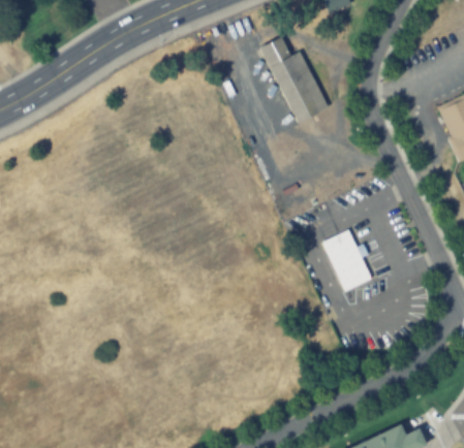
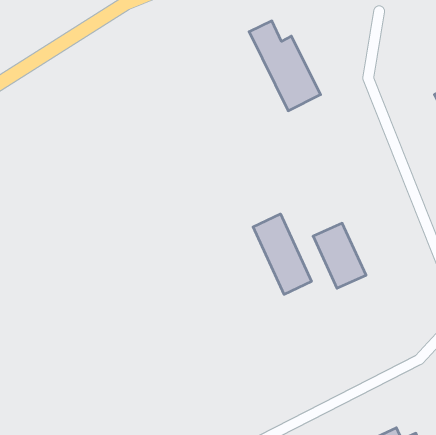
building: none -> [253,214,311,294]

